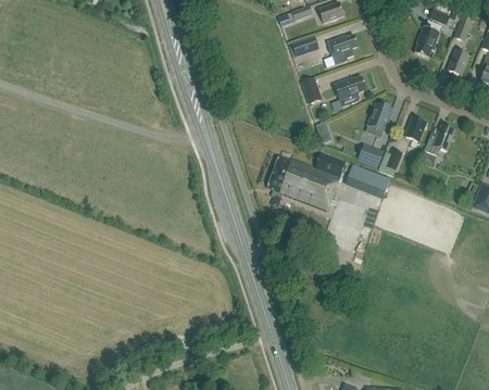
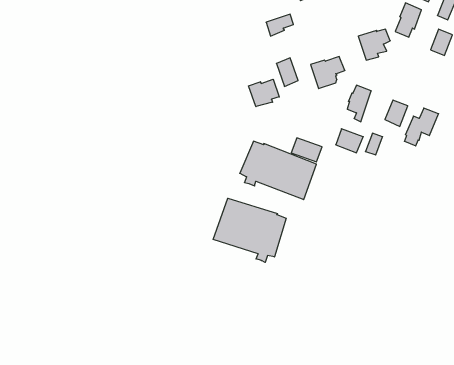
building: [327,34,358,63] -> [358,29,390,60]
building: none -> [249,79,279,107]
building: [348,163,392,197] -> none
building: none -> [213,198,286,262]

